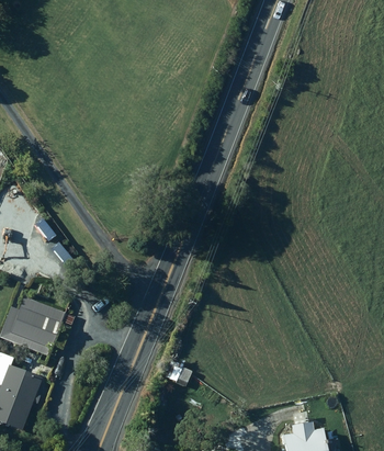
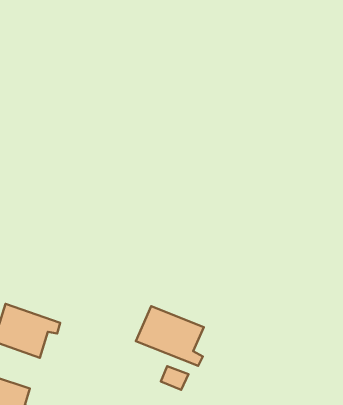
building: none -> [136,306,204,366]

